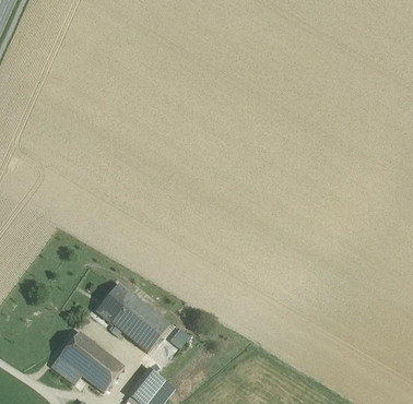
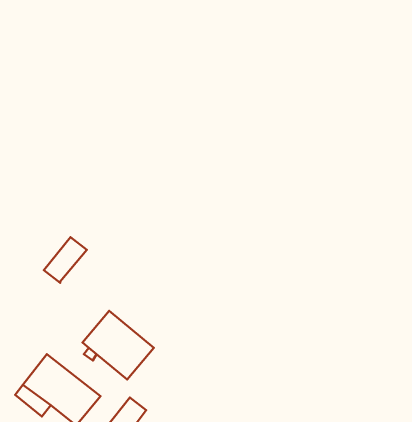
building: [96,284,133,323] -> [44,237,87,283]

